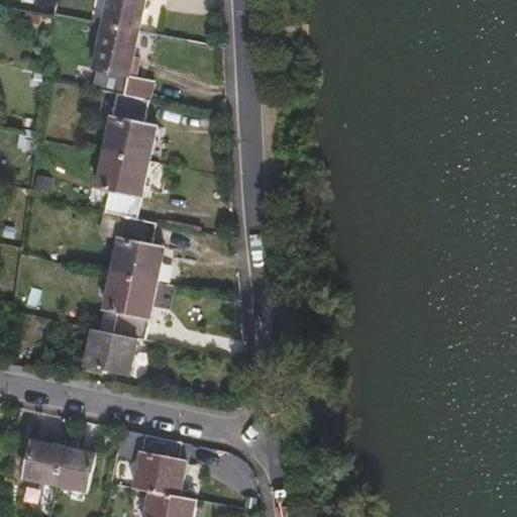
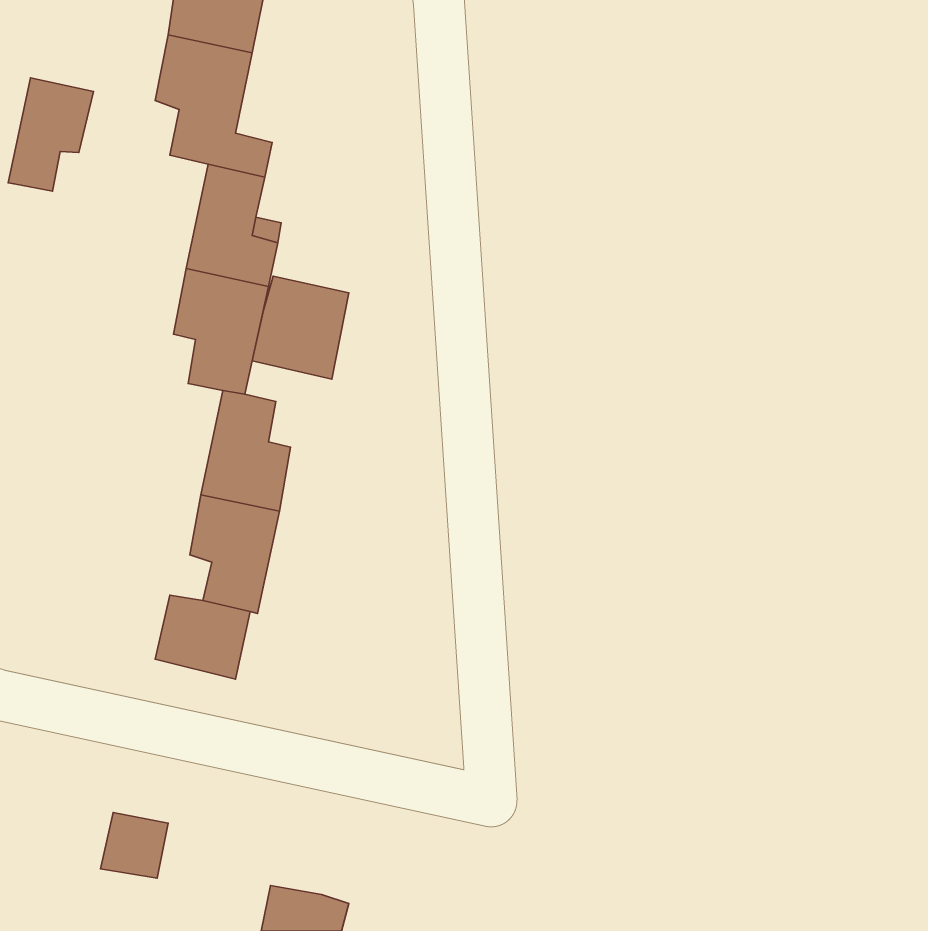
building: none -> [8,78,94,191]
building: none -> [252,276,349,379]
building: [133,435,185,495] -> none
building: [24,444,63,481] -> none

